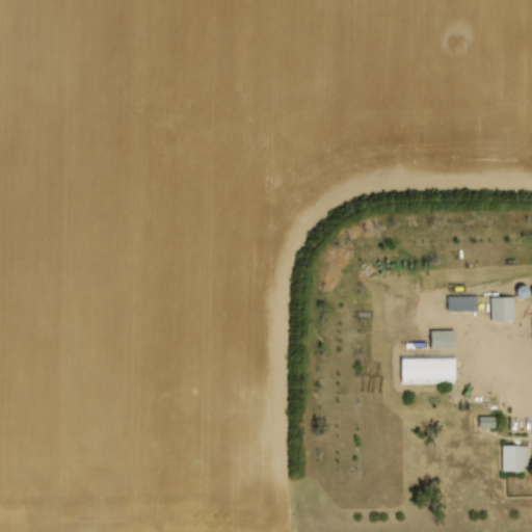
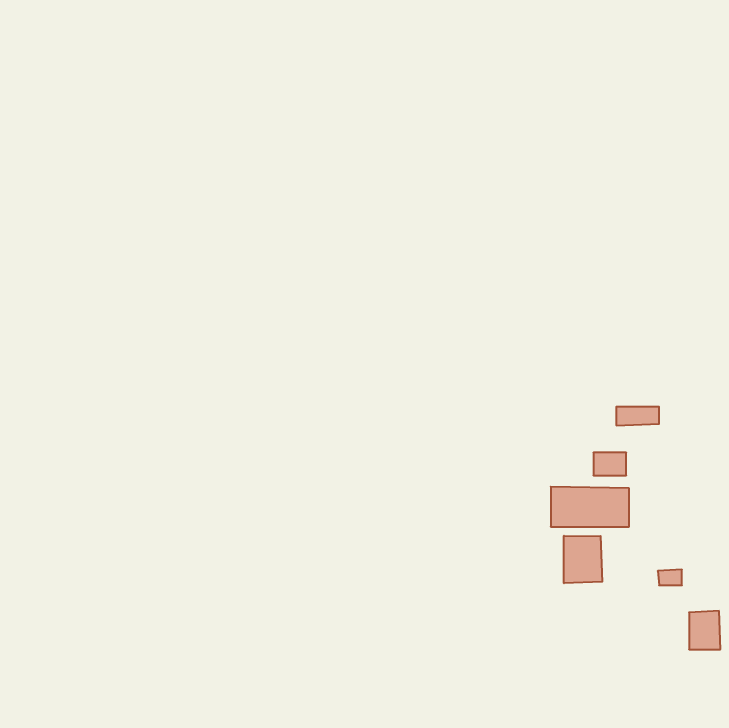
building: [490,296,516,321] -> none
building: none -> [564,536,602,583]

